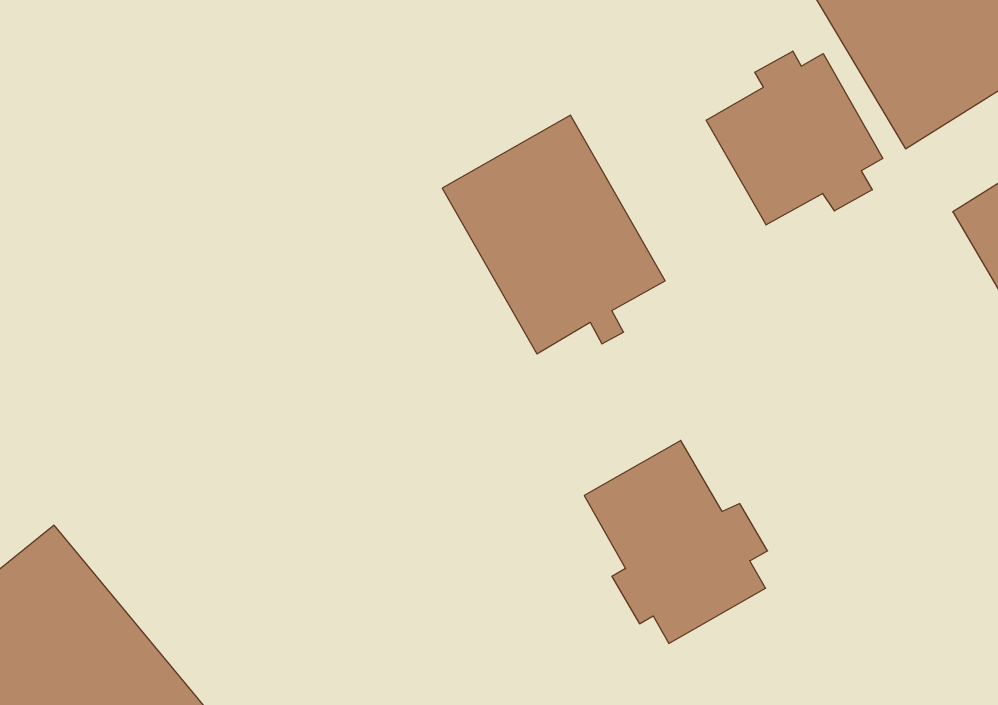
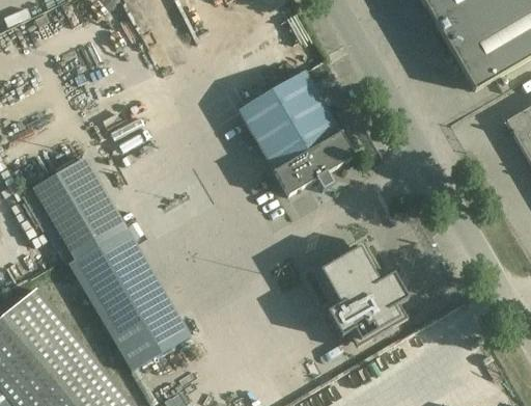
building: [706,51,883,225] -> none
building: none -> [29,155,187,372]

